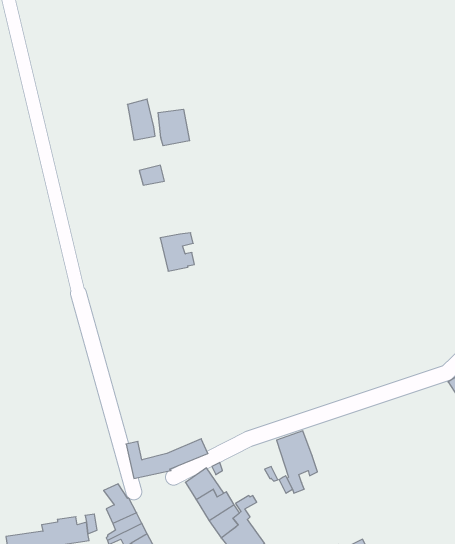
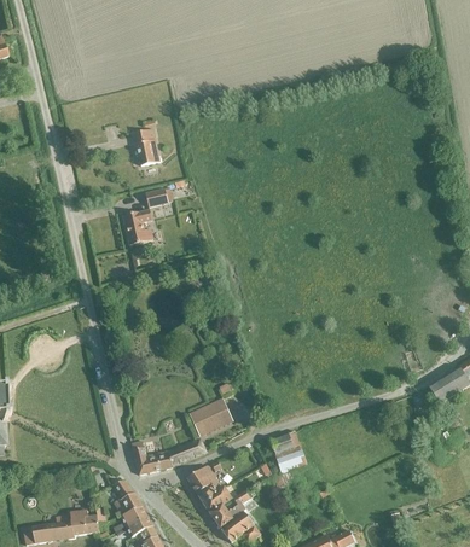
building: [158,109,190,146] -> none
building: [160,233,194,271] -> [122,210,153,245]
building: none -> [191,398,232,435]

